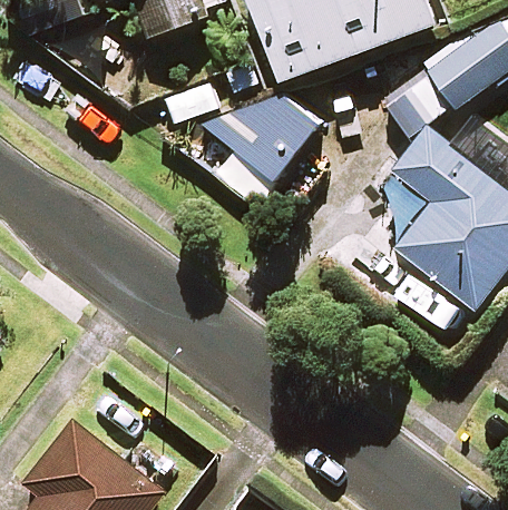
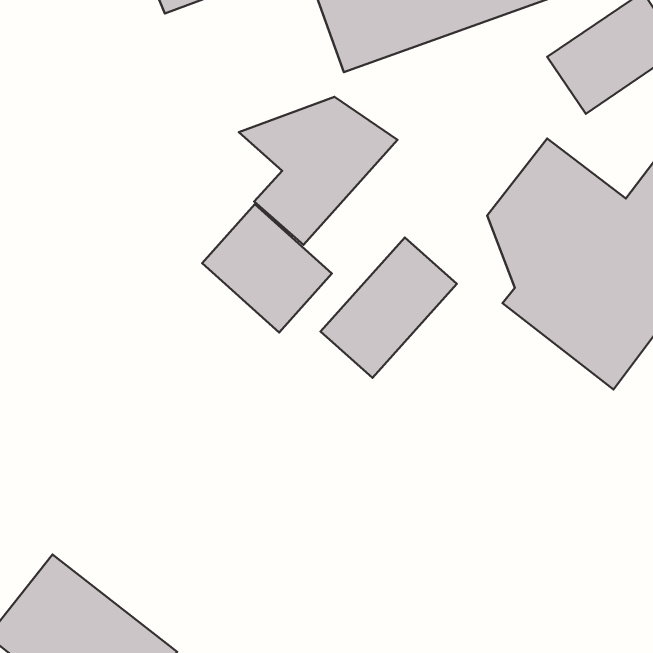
building: none -> [202,204,332,332]
building: none -> [321,238,457,378]

